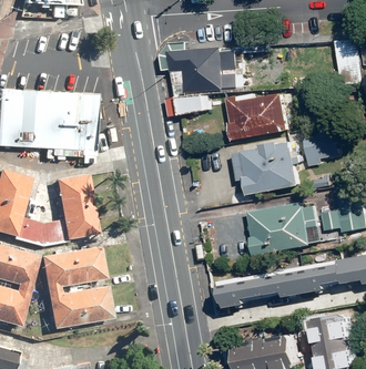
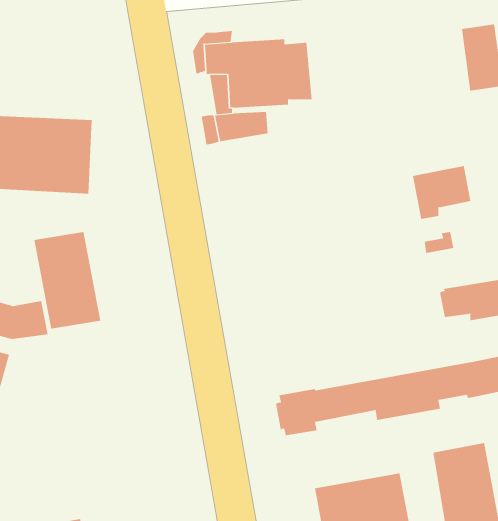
building: [225,93,286,141] -> none
building: [231,142,299,195] -> none
building: [246,202,317,255] -> none
building: [40,245,112,327] -> none

